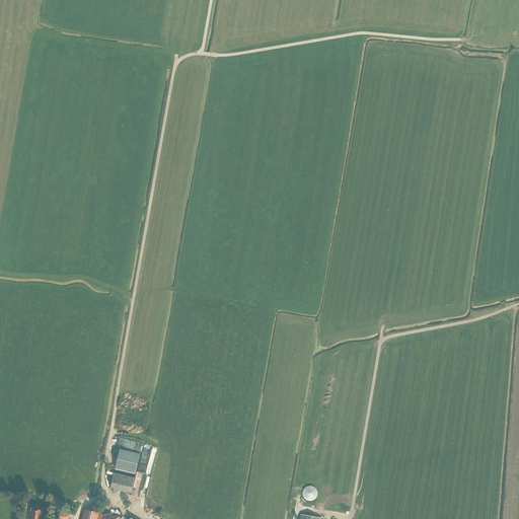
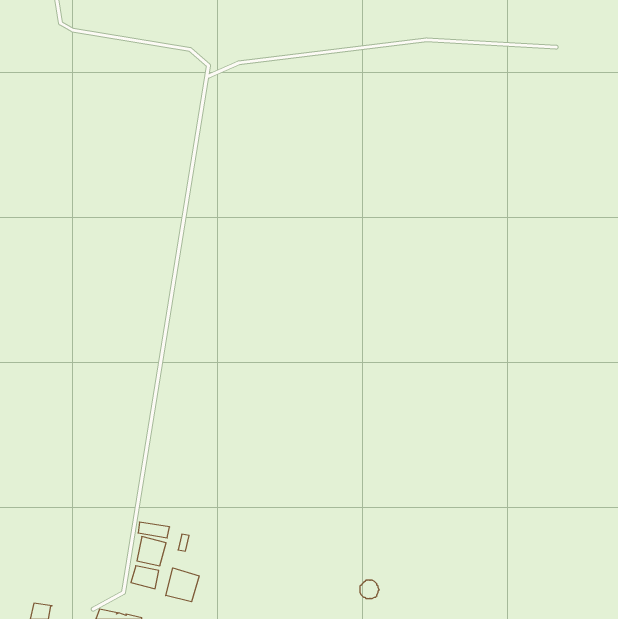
building: none -> [166,568,199,602]

